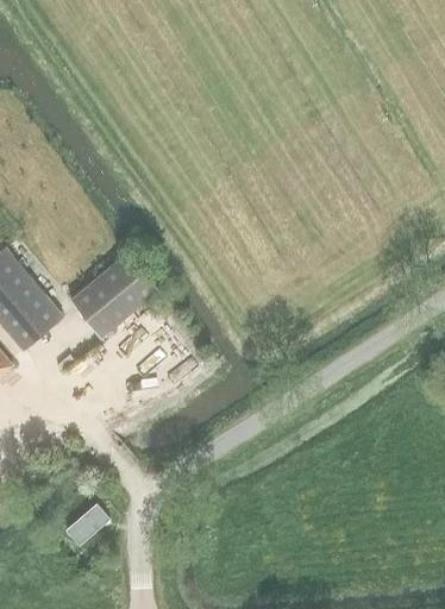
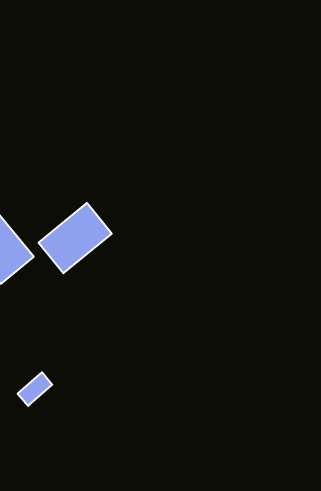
building: [67,503,109,545] -> [18,372,52,406]

